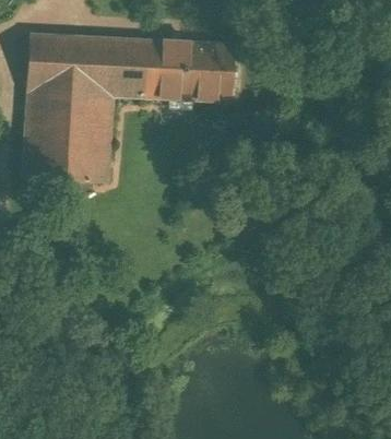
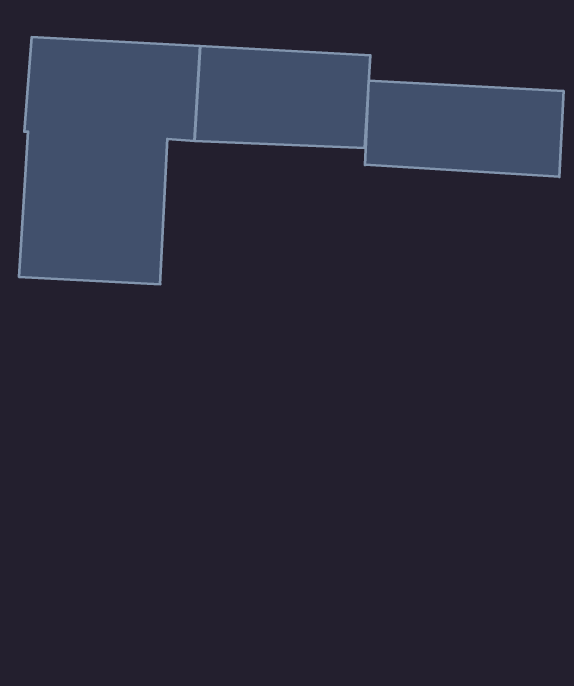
building: none -> [365,81,563,177]

